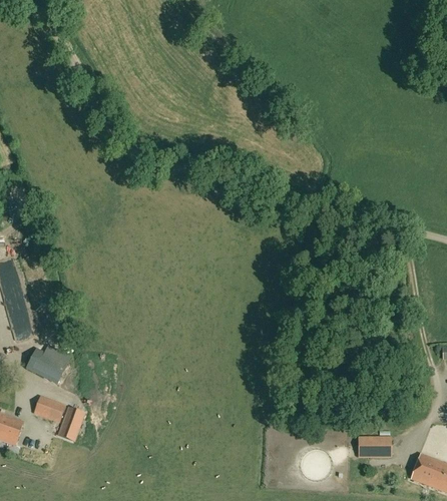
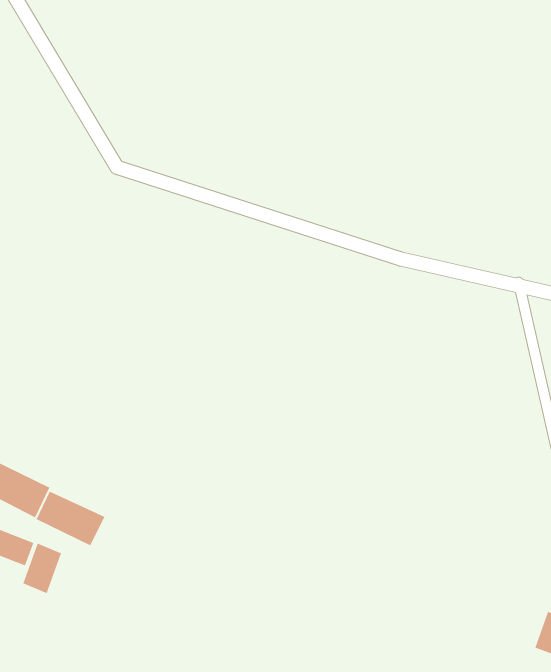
building: none -> [36,491,105,546]
building: [357,435,391,456] -> none

